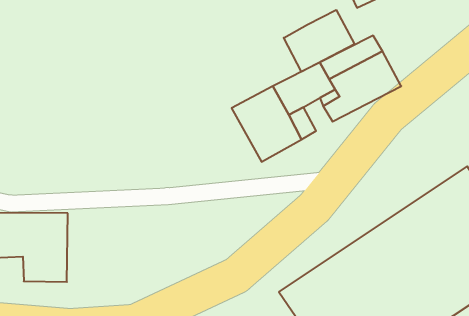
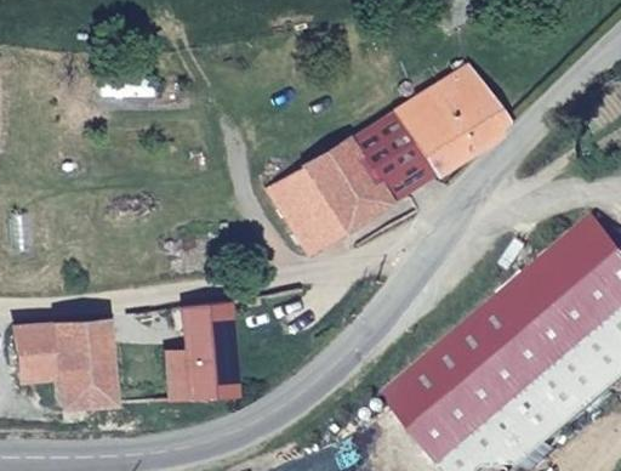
building: [284,10,355,72] -> none
building: none -> [266,170,343,256]
building: none -> [171,301,238,398]

